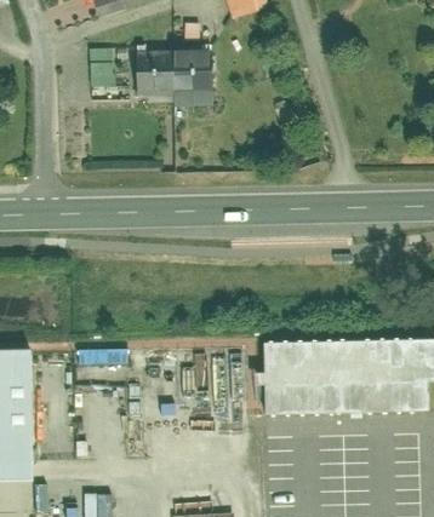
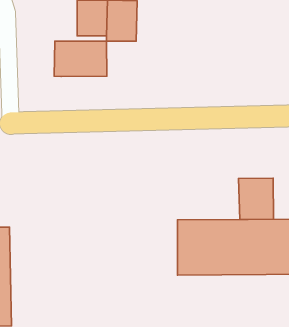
building: none -> [54,41,107,76]
building: none -> [238,178,273,220]

